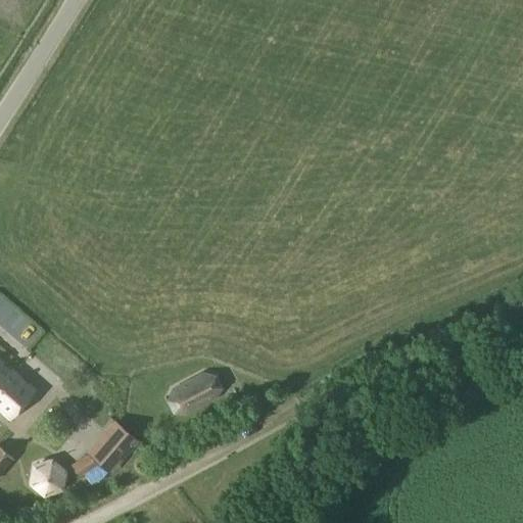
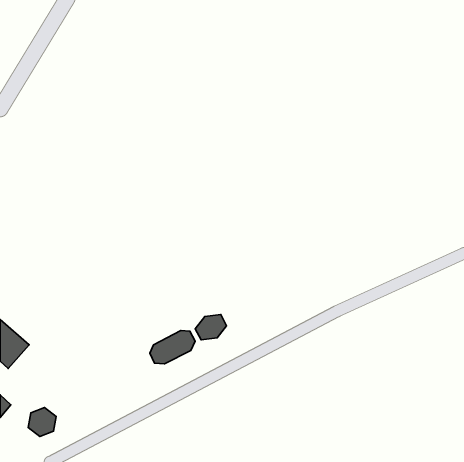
building: none -> [195,315,227,340]
building: [74,422,138,474] -> none

